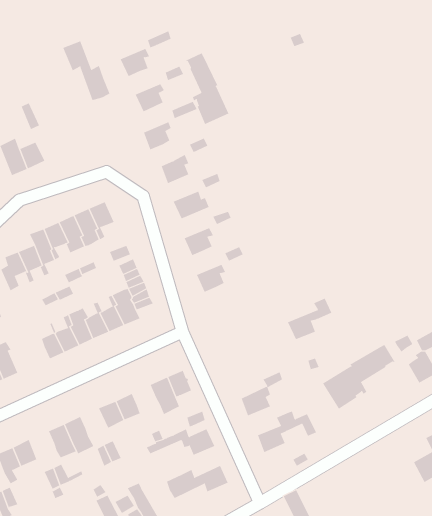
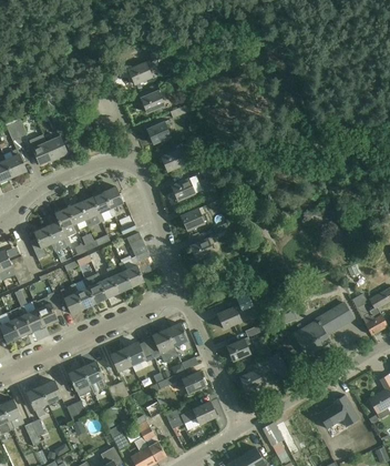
building: [62,40,110,101] -> none
building: [185,53,229,125] -> none
building: [287,298,332,340] -> [216,294,253,328]
building: none -> [35,292,60,326]
building: none -> [319,402,358,436]

